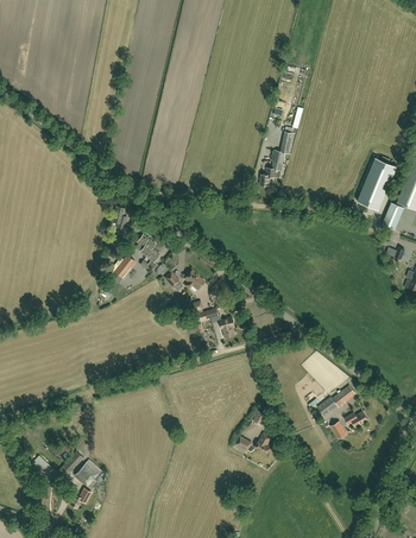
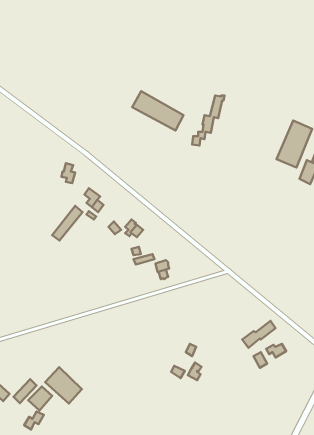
building: none -> [132,91,184,130]
building: none -> [45,367,82,404]

